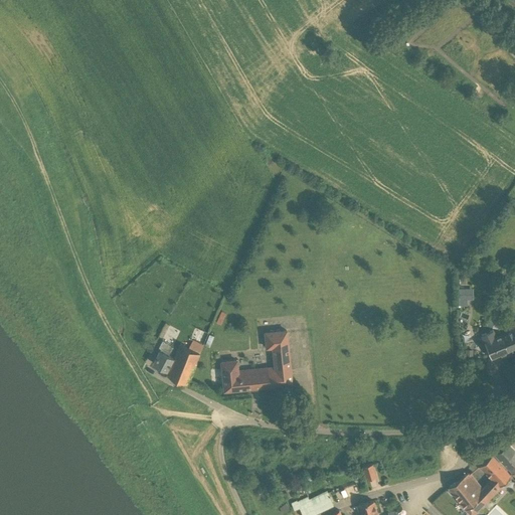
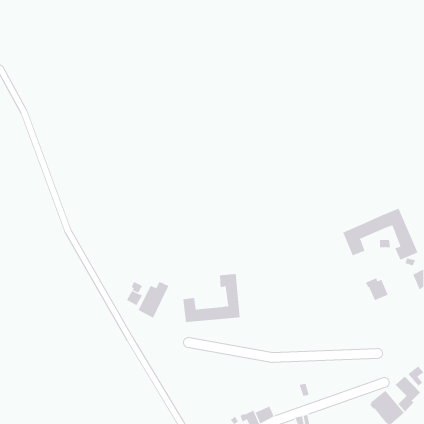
building: none -> [342,208,418,260]
building: [480,331,508,359] -> [365,277,389,301]

